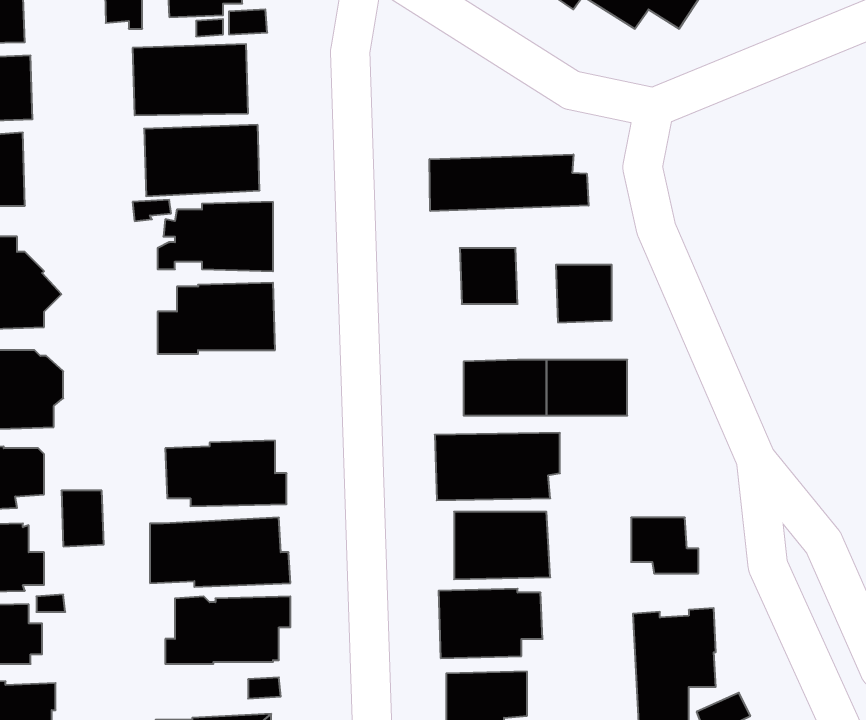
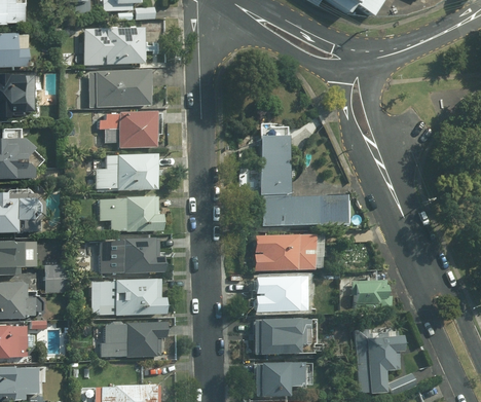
building: [430,154,589,211] -> none
building: [556,265,612,322] -> [260,165,290,195]
building: none -> [102,195,165,231]

